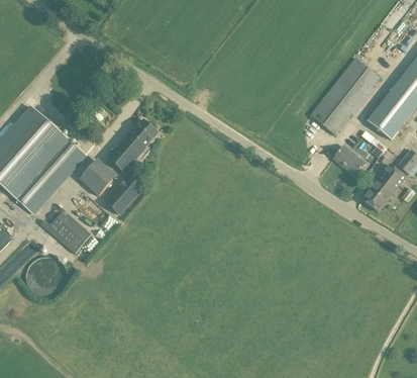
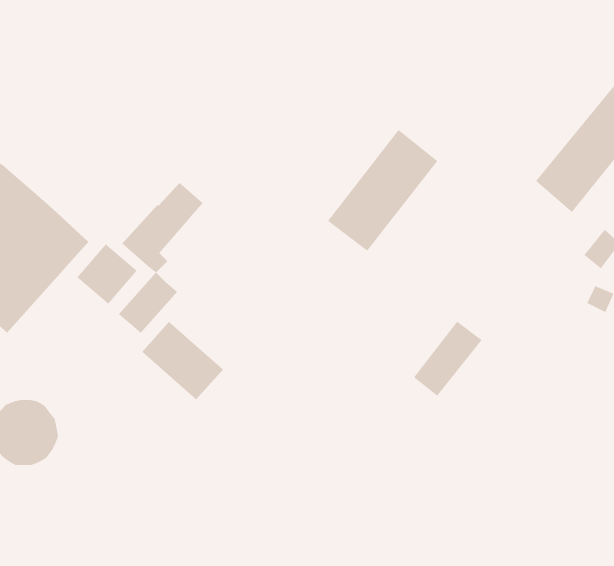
building: [311,58,381,134] -> [327,129,438,251]
building: [334,145,366,175] -> none
building: [362,164,406,211] -> [413,321,482,397]
building: [40,204,92,254] -> [142,321,224,400]

